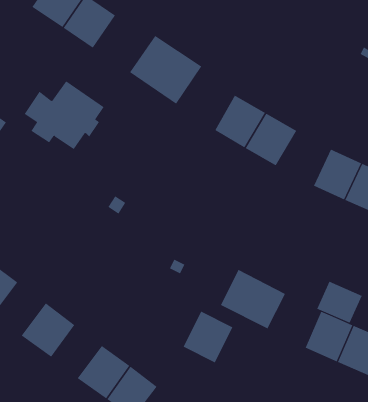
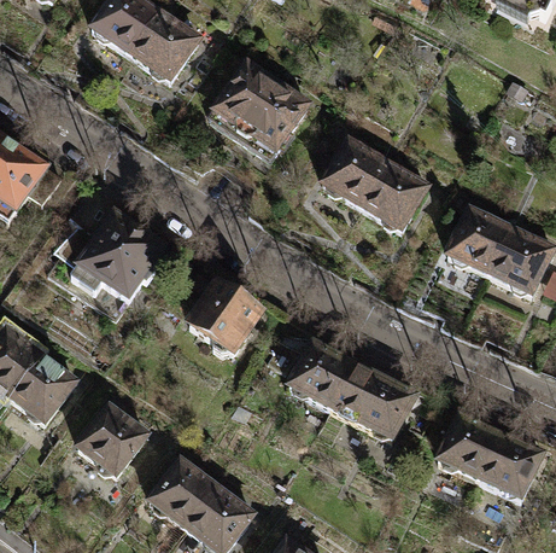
building: [24,81,105,150] -> [63,211,165,299]
building: none -> [191,279,262,353]
building: [317,281,362,324] -> none
building: [183,311,233,363] -> [291,342,355,408]

